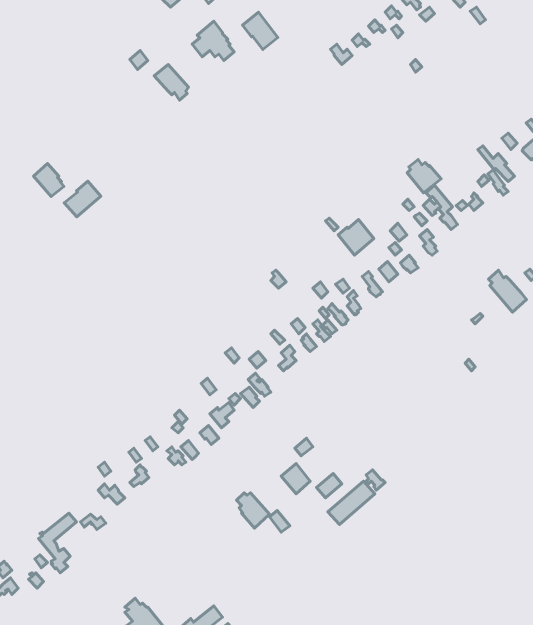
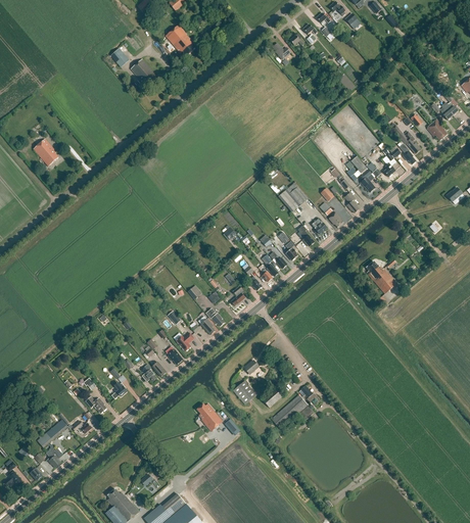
building: [242,12,278,50] -> none
building: [407,160,441,193] -> none
building: [64,181,101,217] -> none
building: [488,270,527,312] -> [366,260,396,294]

